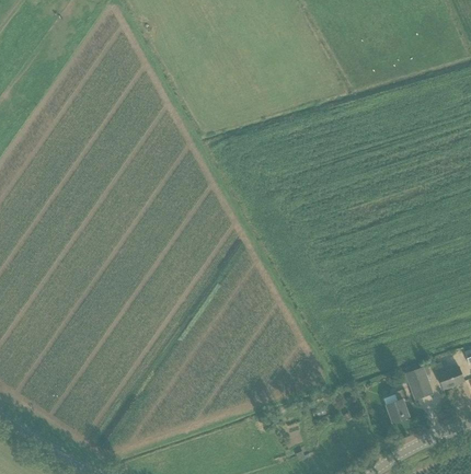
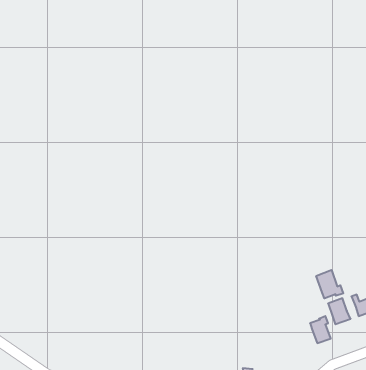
building: none -> [316,270,343,298]

